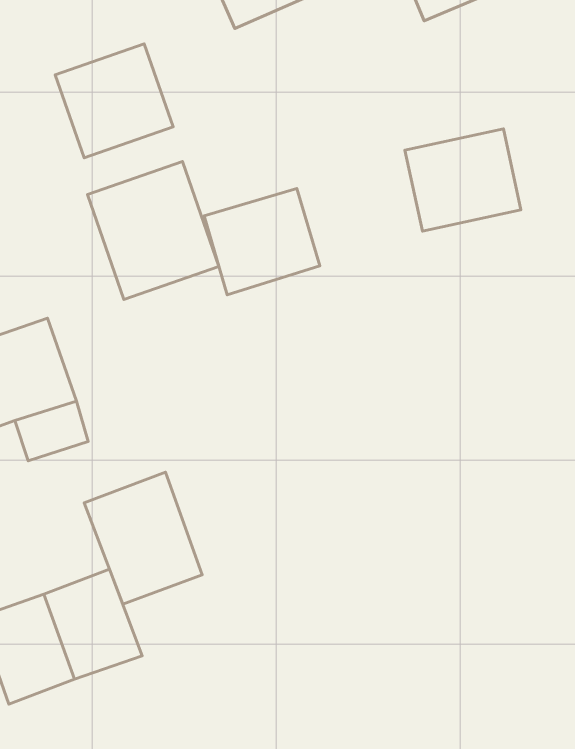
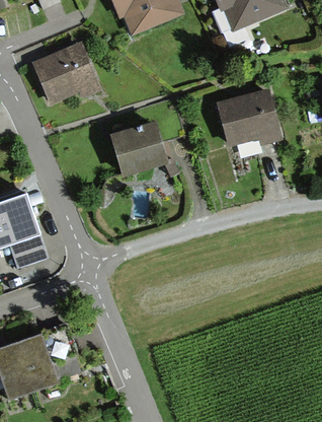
building: [87,161,219,300] -> none
building: [84,472,202,604] -> none

